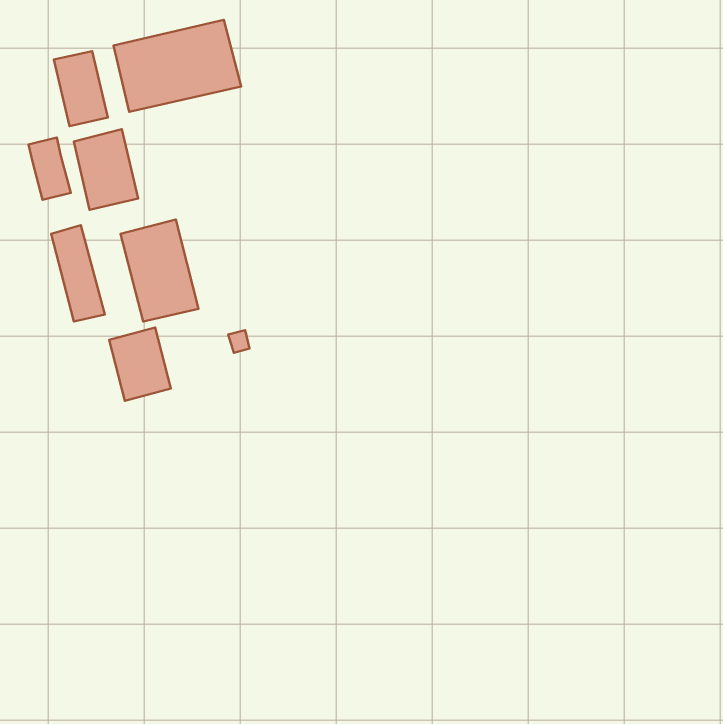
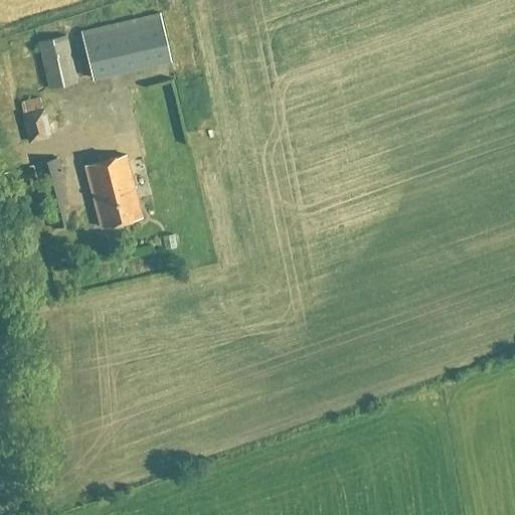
building: [74,129,138,210] -> none
building: [109,328,171,401] -> none

